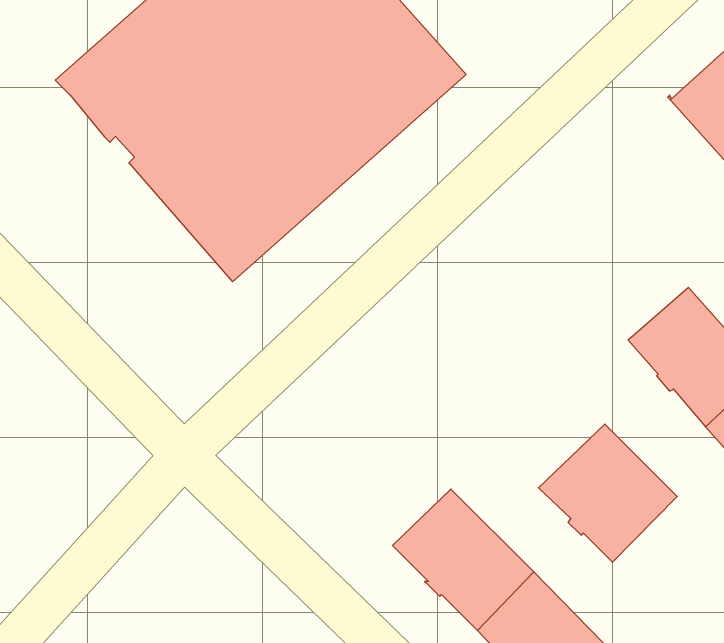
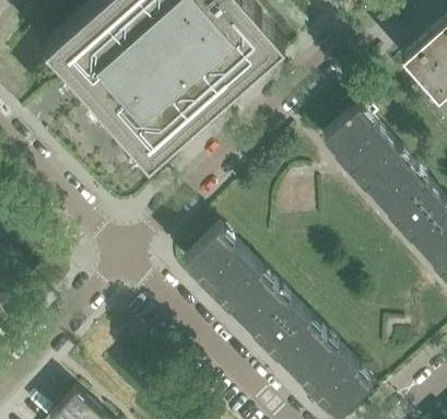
building: none -> [324,98,413,203]
building: none -> [185,233,275,323]
building: [538,424,677,562] -> none

